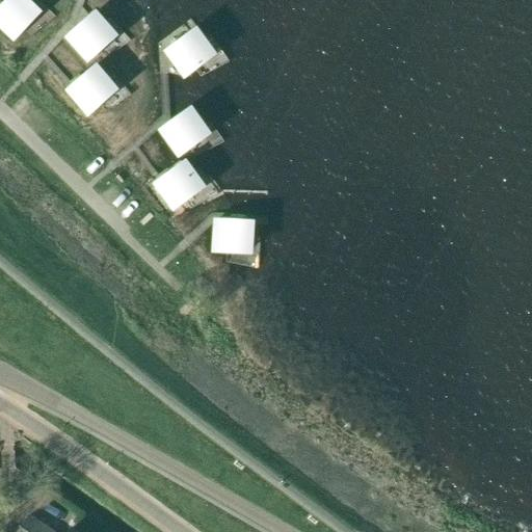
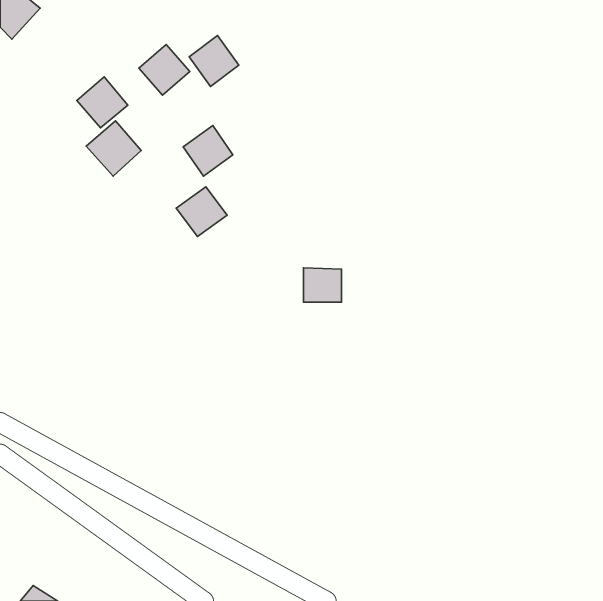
building: [69,15,113,59] -> [139,44,190,95]
building: none -> [86,121,141,176]
building: [215,220,248,250] -> [304,268,341,302]

